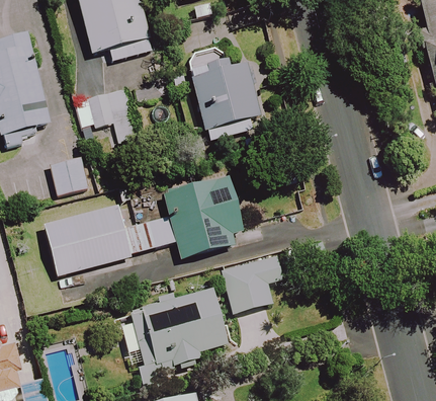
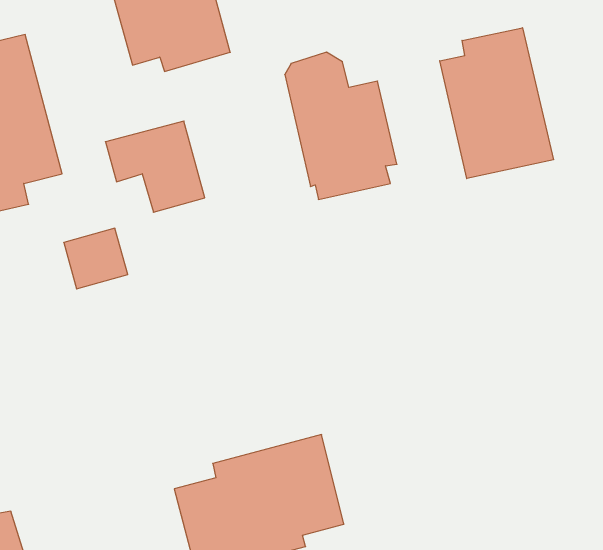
building: none -> [440,28,553,179]
building: [45,174,241,274] -> none
building: [223,254,284,312] -> none

